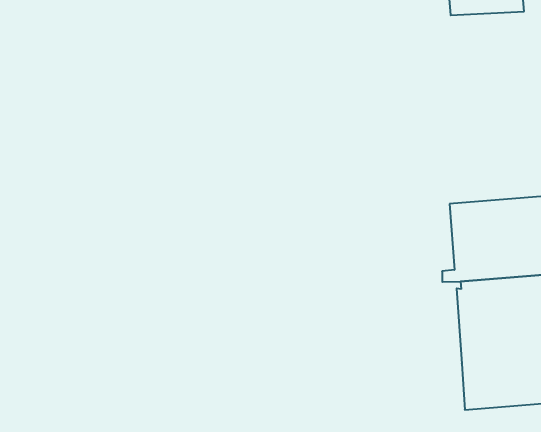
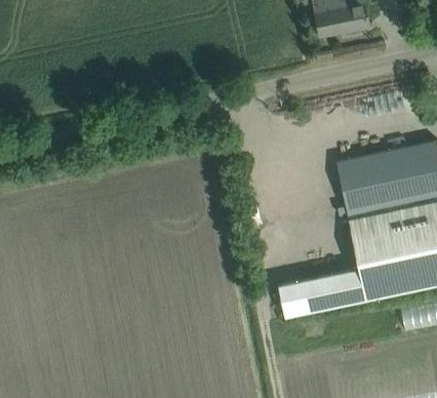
building: none -> [278,270,365,318]

